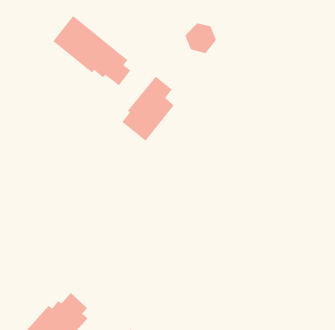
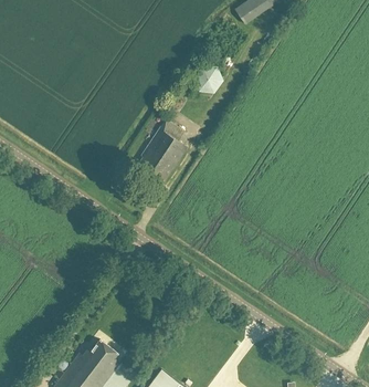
building: [52,15,131,86] -> none

